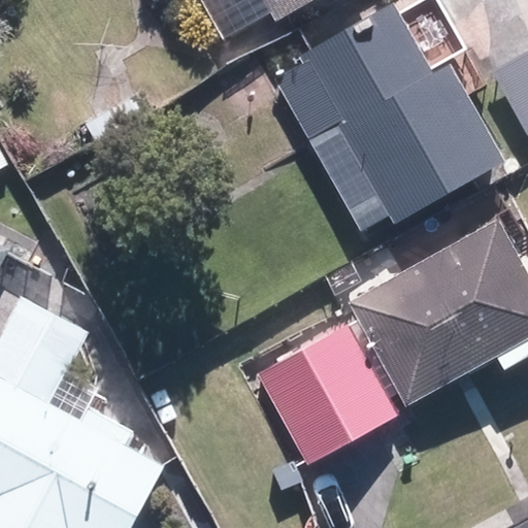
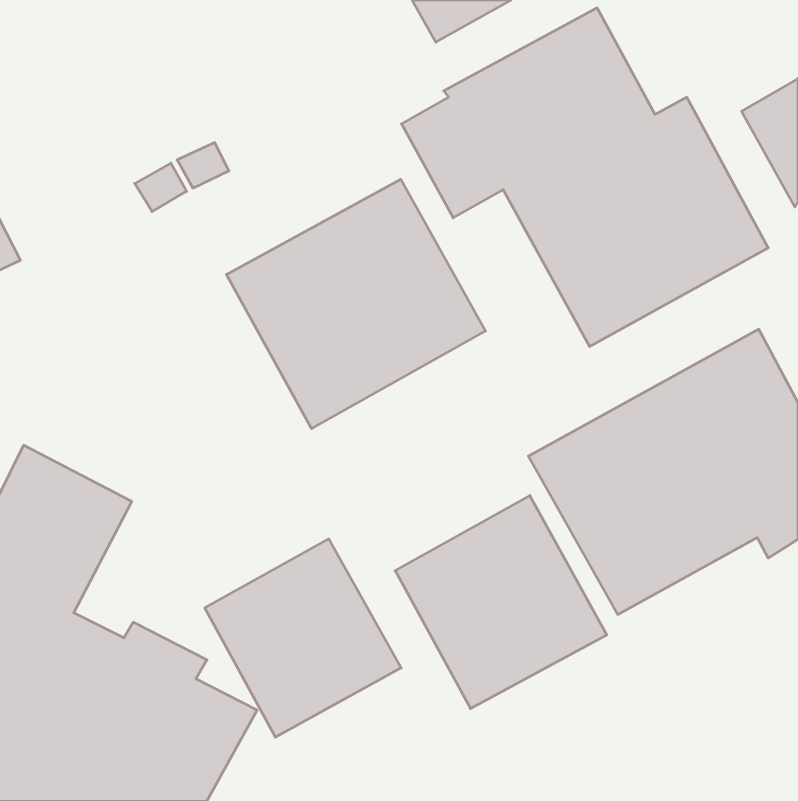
building: none -> [226,179,486,429]
building: none -> [205,539,401,737]

